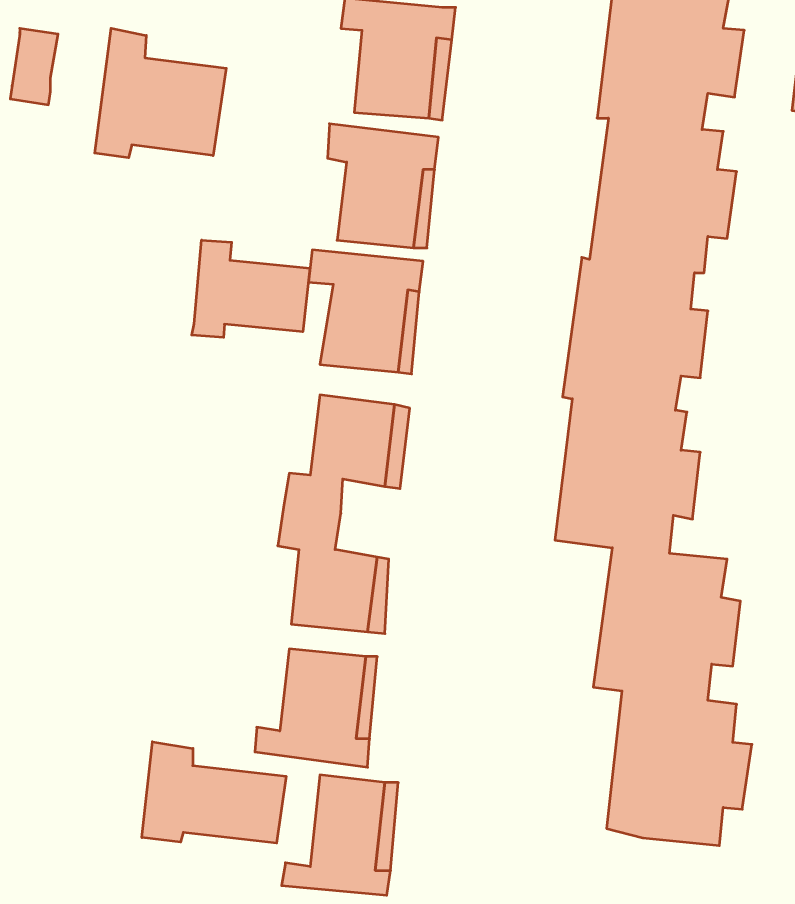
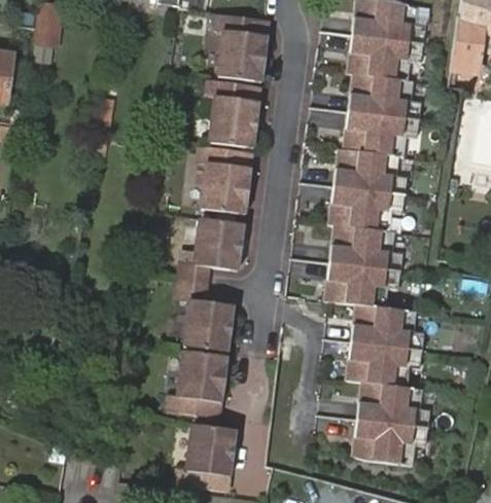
building: [95,28,226,158] -> none
building: [192,240,310,337] -> none
building: [142,742,286,843] -> none

